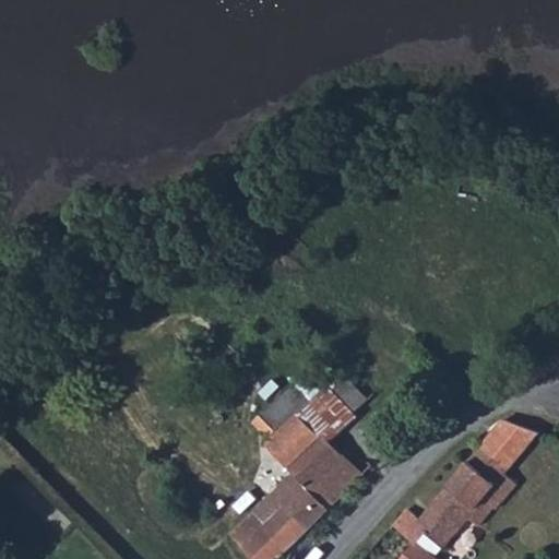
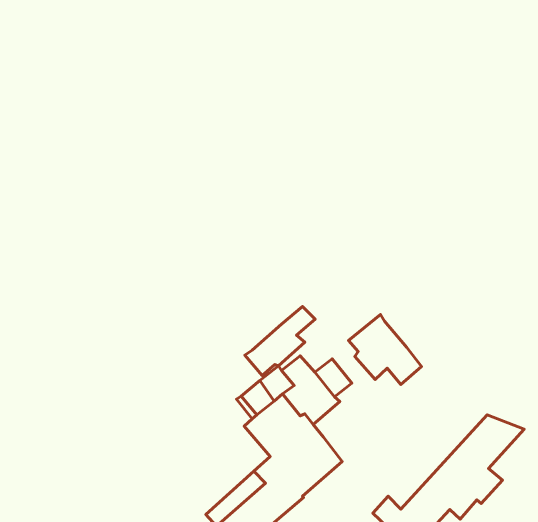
building: none -> [245,306,315,375]
building: none -> [348,315,421,385]

